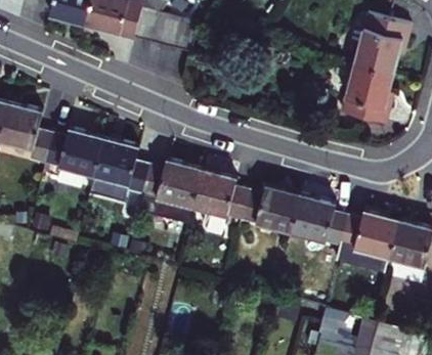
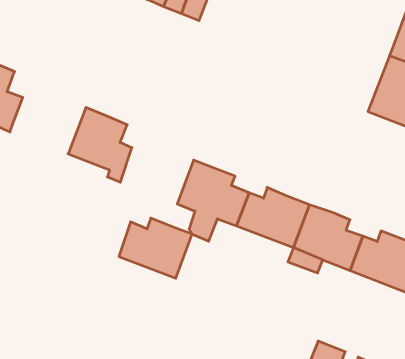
building: [48,129,109,178] -> none
building: [144,162,203,209] -> [119,218,192,278]

